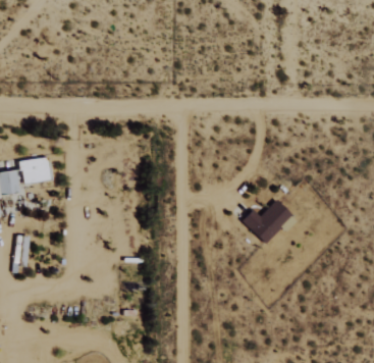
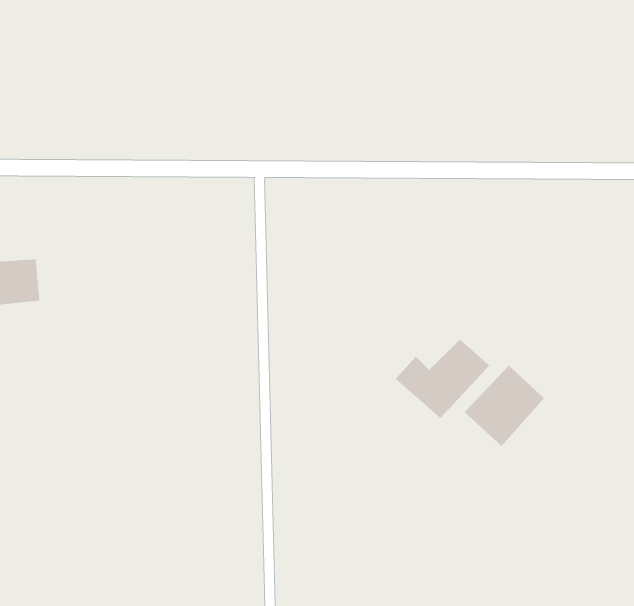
building: none -> [464,365,545,447]

